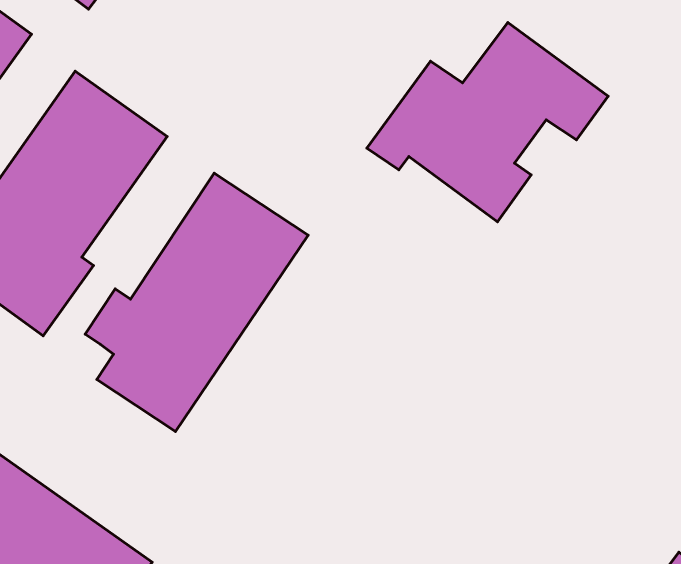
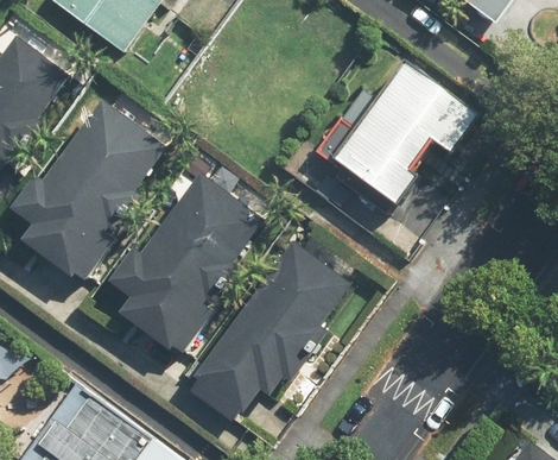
building: none -> [185,241,351,427]

